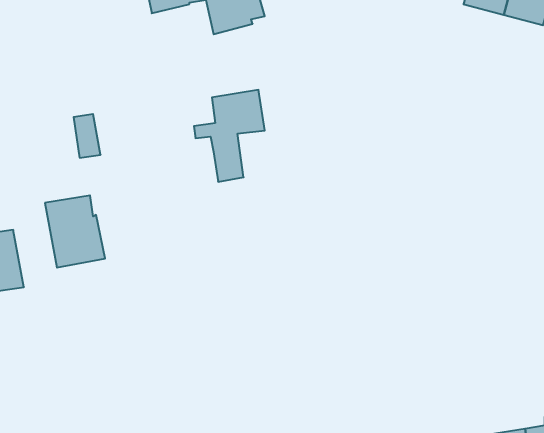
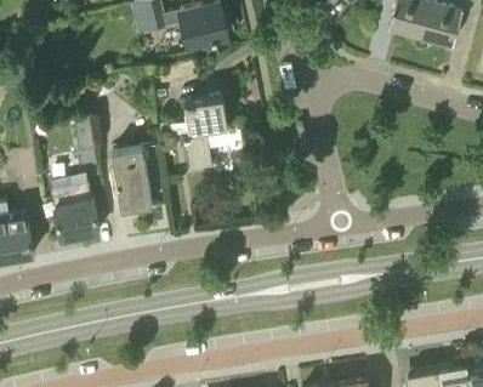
building: none -> [112,149,152,212]

